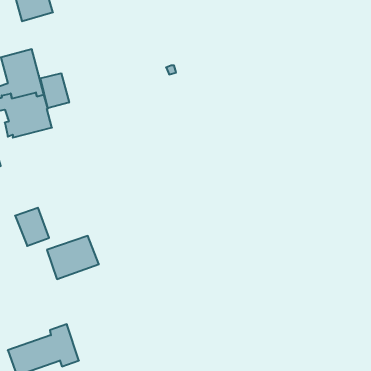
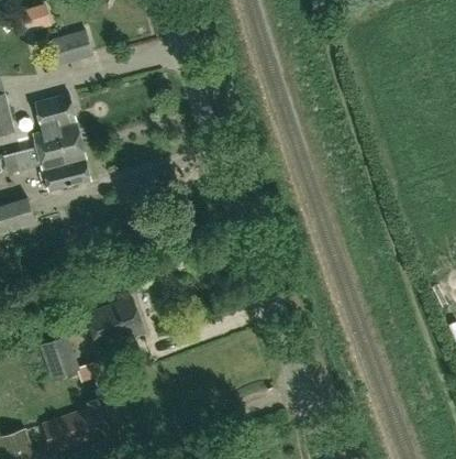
building: [41,73,69,108] -> none
building: [15,208,49,246] -> [40,337,77,379]

